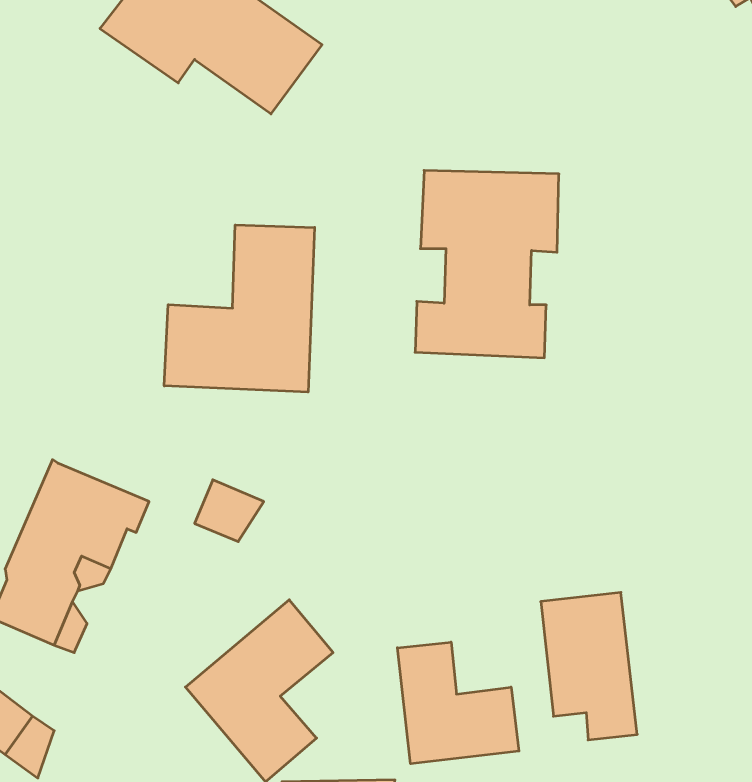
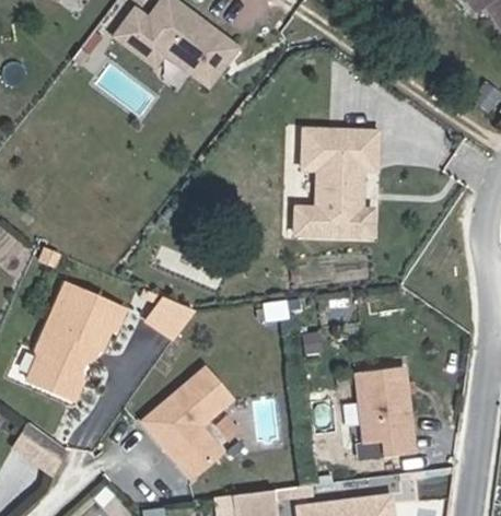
building: [164,225,315,392] -> none
building: [397,642,519,764] -> none

